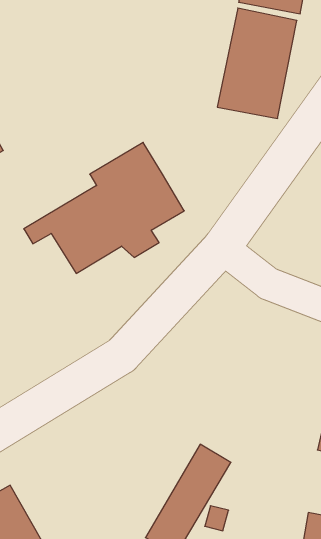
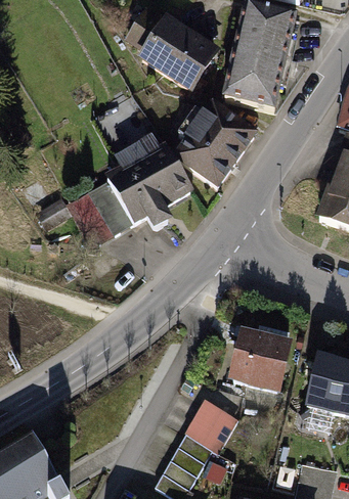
building: none -> [124,7,212,87]
building: none -> [173,103,255,189]
building: none -> [231,330,291,385]

